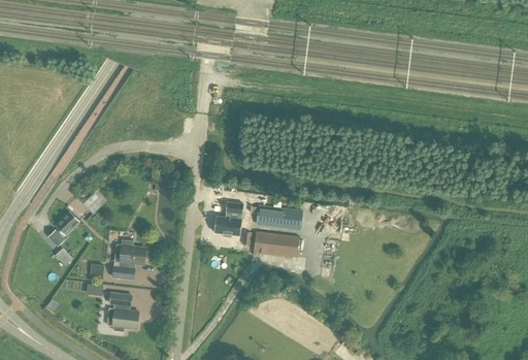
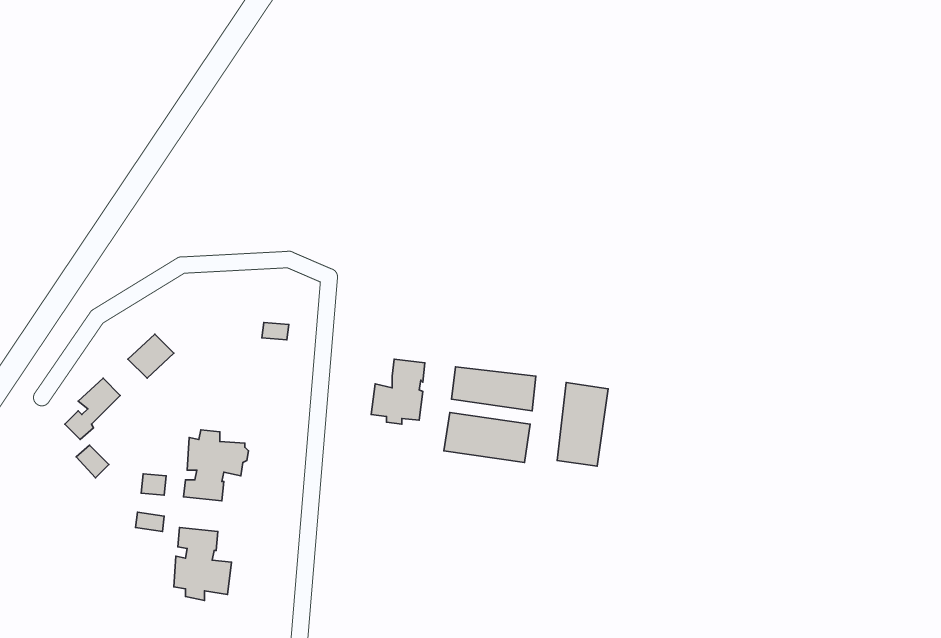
building: none -> [557,383,608,466]

